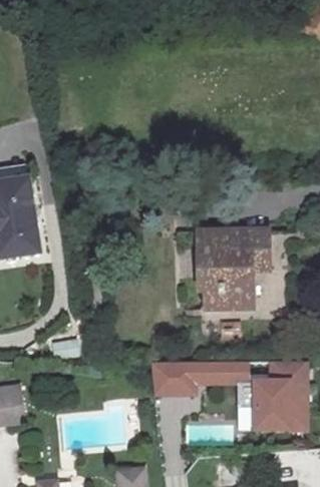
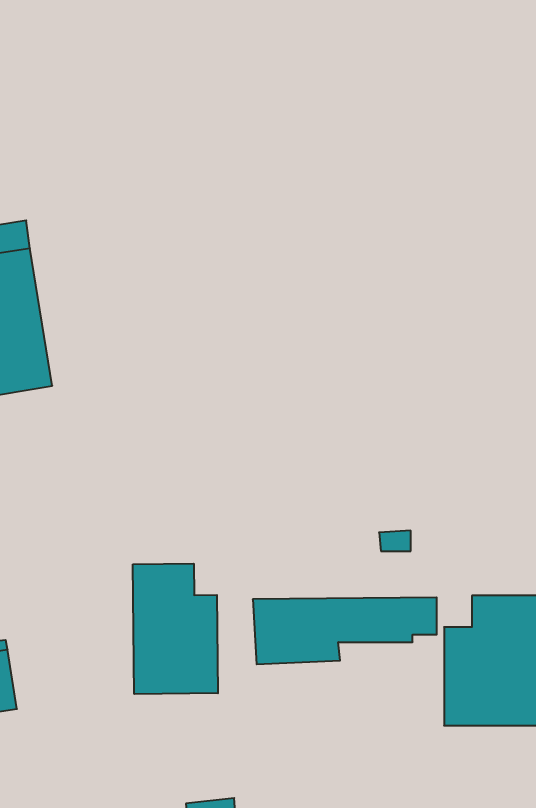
building: [196,230,266,308] -> none
building: none -> [133,564,218,694]

